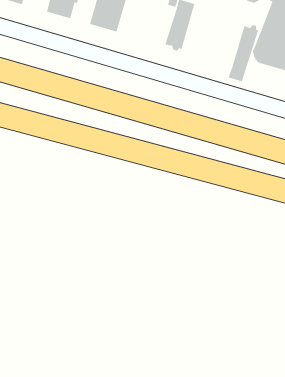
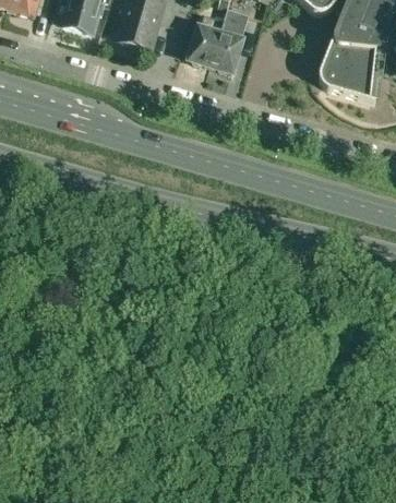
building: none -> [190,13,225,64]
building: [228,24,259,82] -> none

